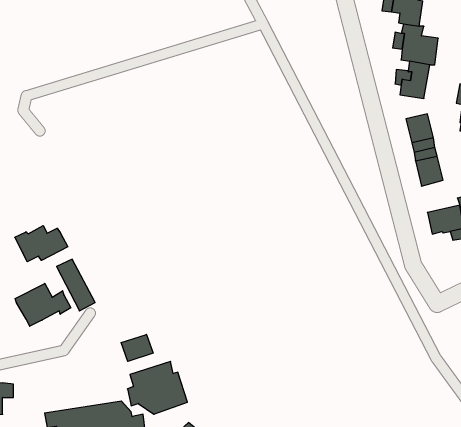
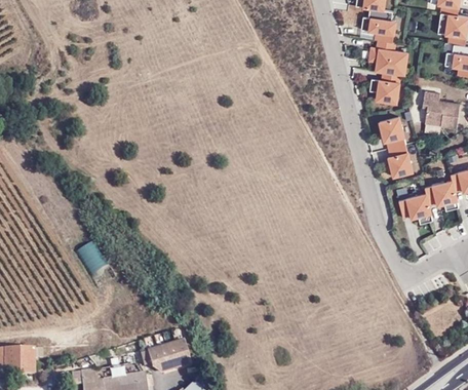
building: [15,226,68,262] -> none
building: [15,283,71,326] -> none
building: [121,334,153,361] -> none

